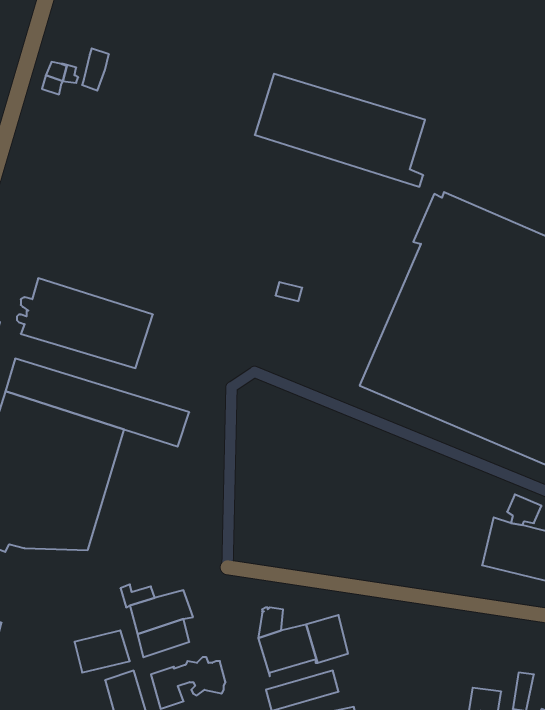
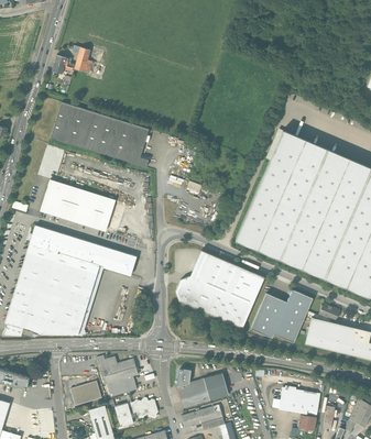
building: [255,74,425,187] -> [51,102,149,167]
building: none -> [175,255,264,329]
building: none -> [250,289,313,342]
building: none -> [279,387,320,414]

